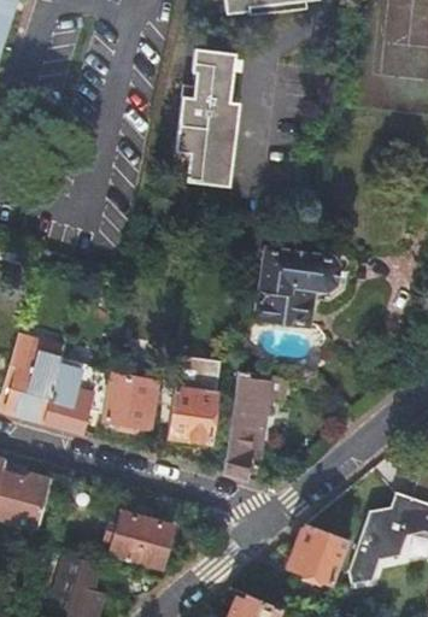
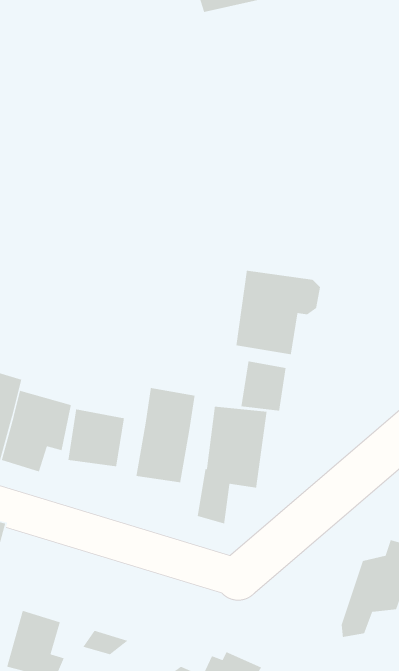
building: [175,45,244,184] -> none
building: none -> [241,360,286,412]
building: [101,504,180,568] -> none
building: [287,524,348,583] -> none

